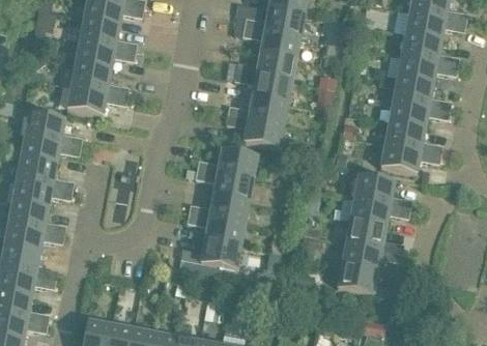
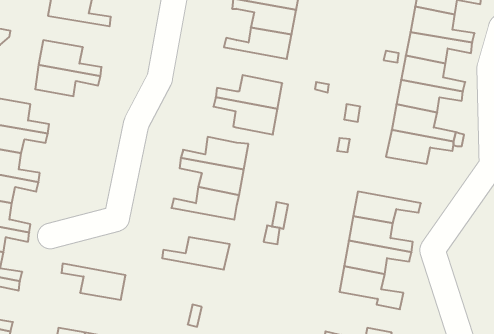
building: [75,41,134,69] -> none
building: [234,69,291,102] -> none
building: [354,174,411,208] -> none
building: [188,212,245,244] -> [61,264,126,300]

